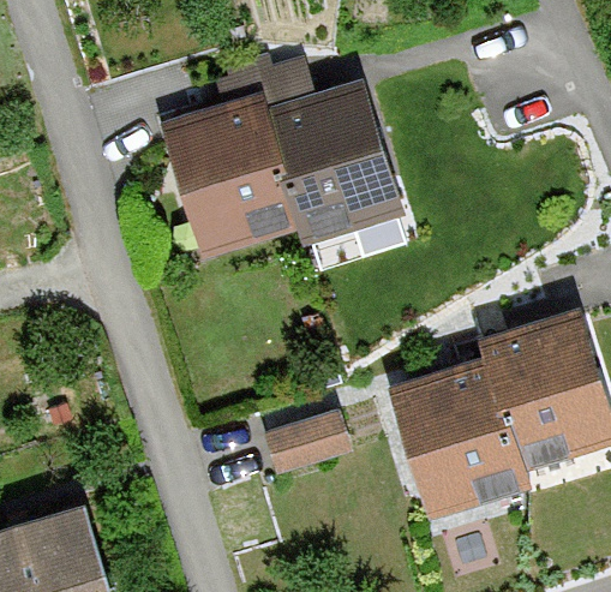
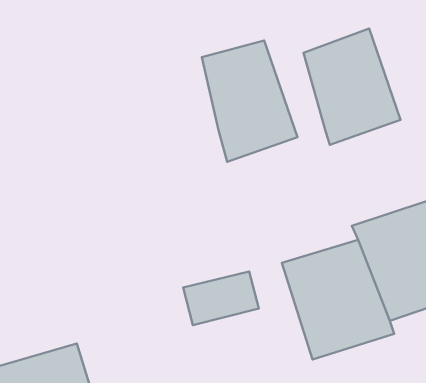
building: none -> [303,29,401,145]
building: [154,89,301,241] -> none

